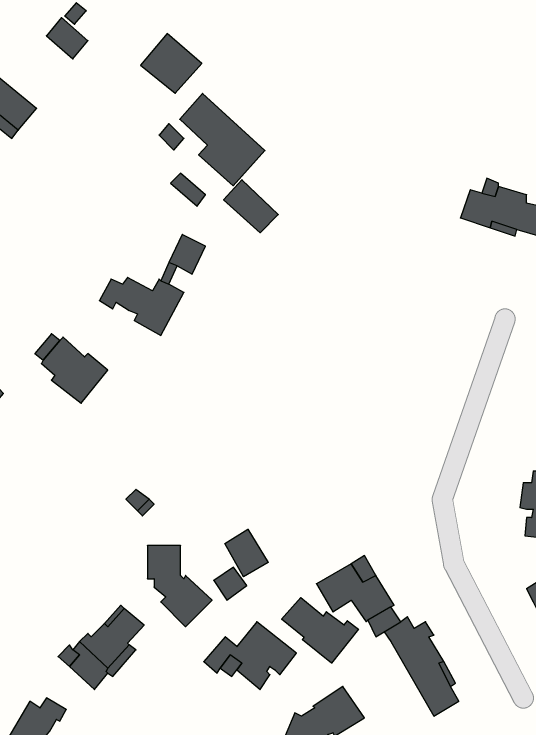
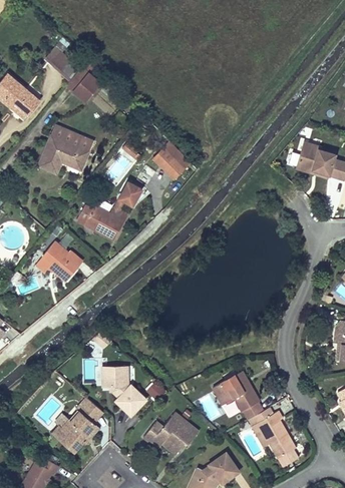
building: [141,34,202,93] -> [66,66,103,102]
building: [180,93,265,186] -> none
building: none -> [38,126,92,174]
building: [225,529,268,577] -> none
building: [282,598,358,663] -> none

